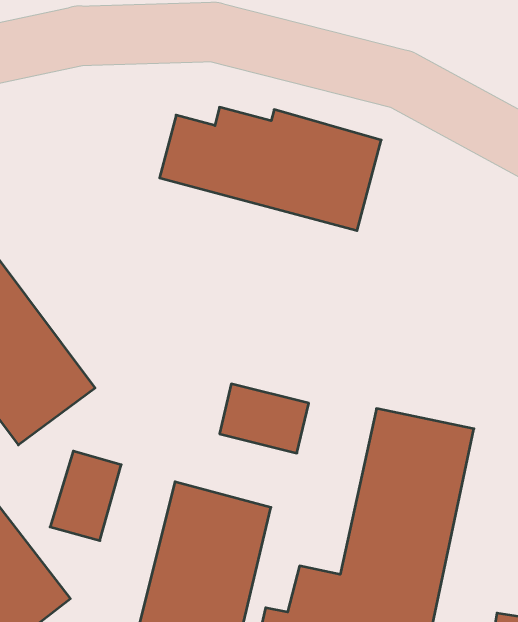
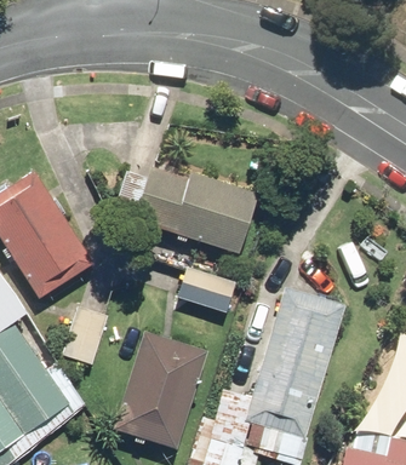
building: [160,107,381,231] -> [110,168,259,256]

